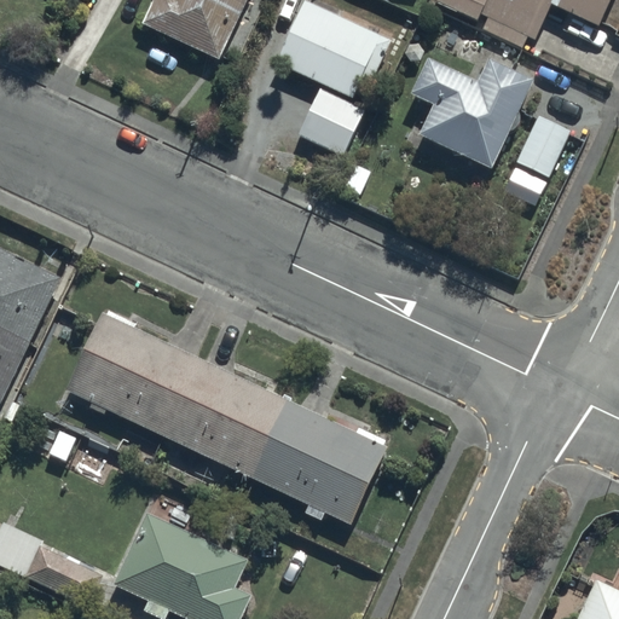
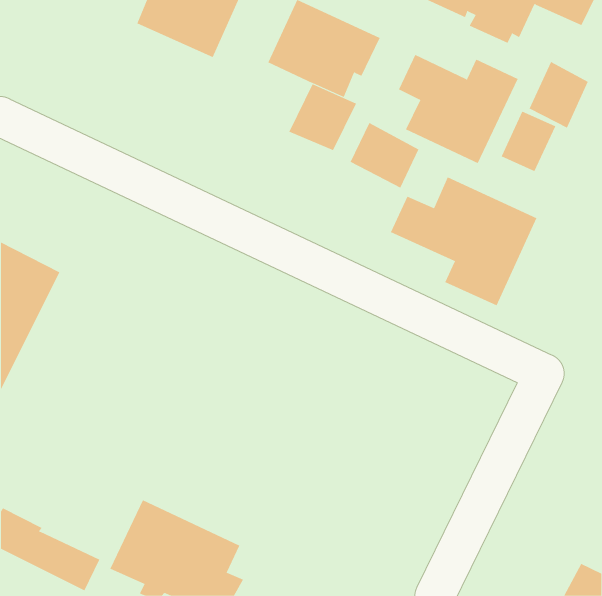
building: none -> [529,61,589,129]
building: none -> [350,122,419,188]
building: none -> [390,177,537,306]
building: [63,311,389,526] -> none

